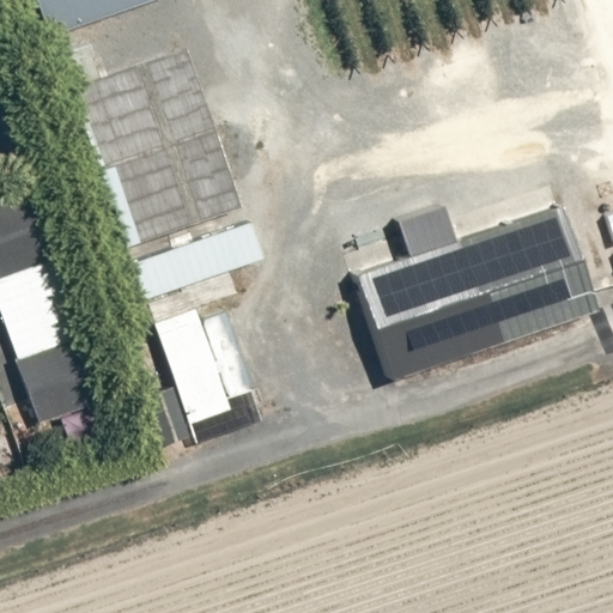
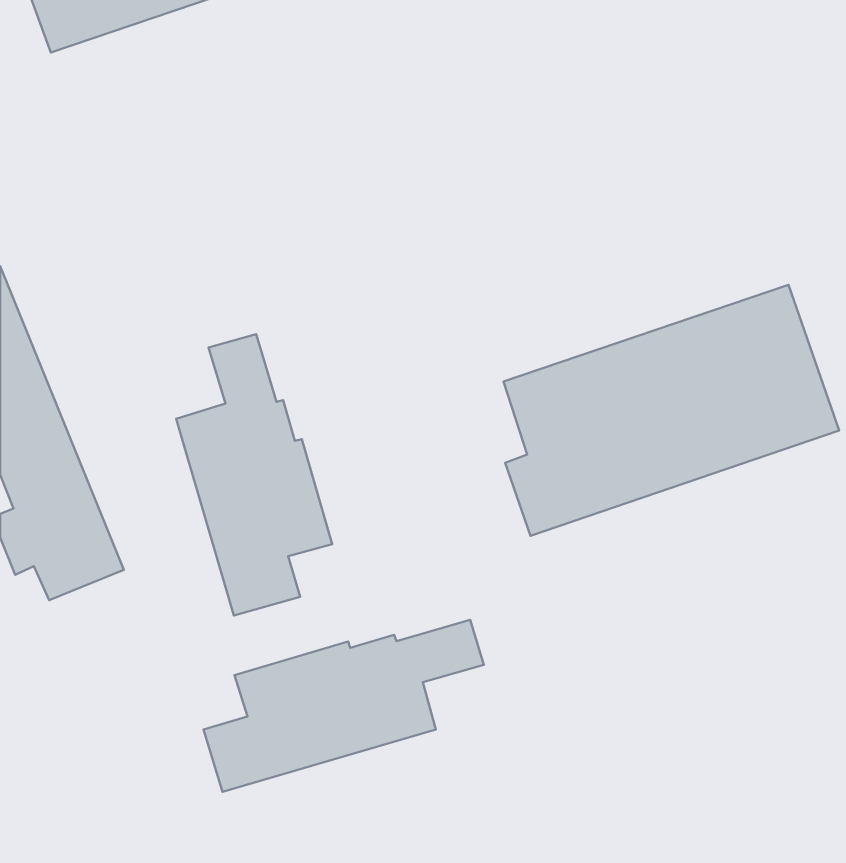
building: [71,49,241,250] -> none
building: none -> [204,620,484,792]

